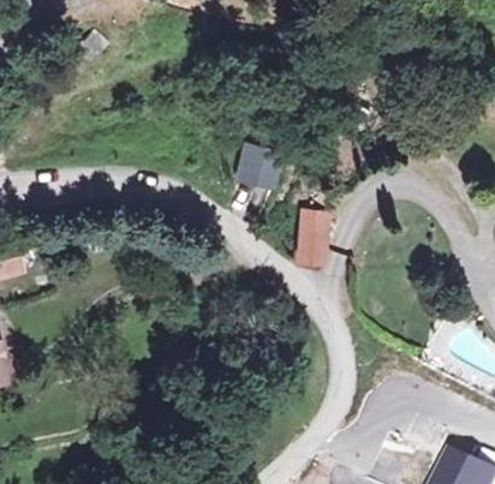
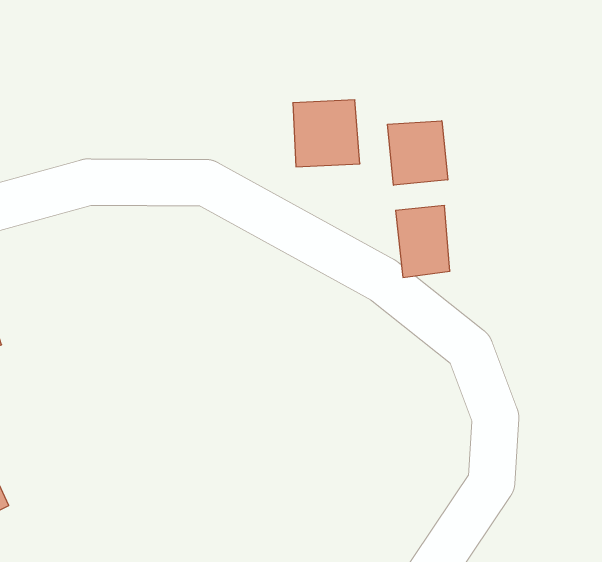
building: none -> [388,121,448,185]

